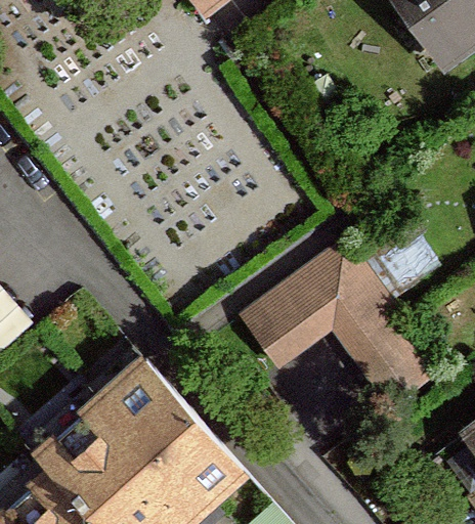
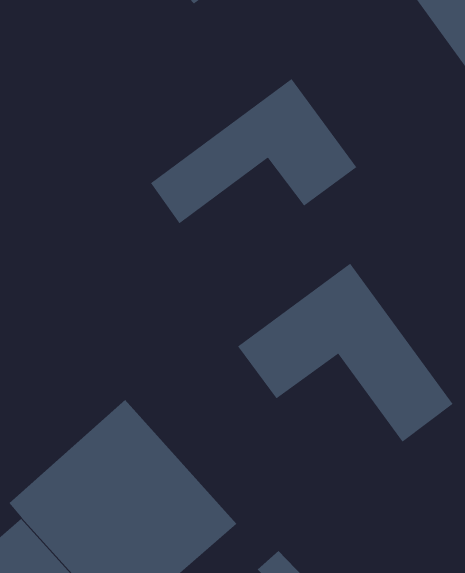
building: none -> [150,78,357,224]

